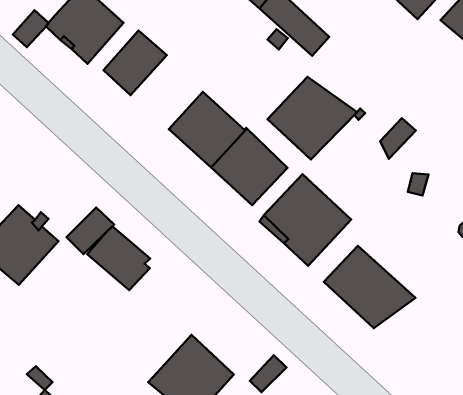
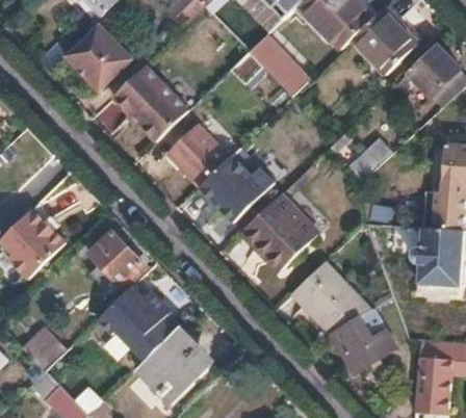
building: none -> [135,87,190,142]
building: [267,77,357,159] -> none
building: none -> [99,285,176,359]
building: none -> [332,307,399,372]

